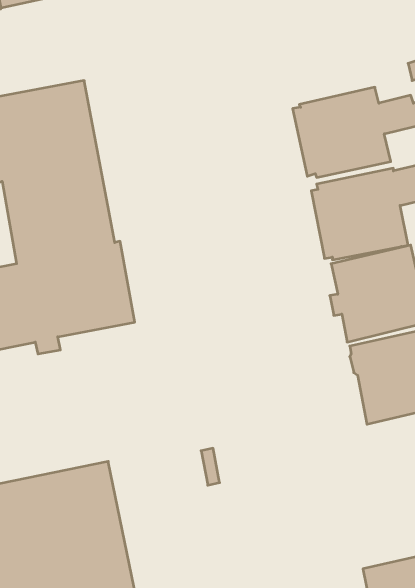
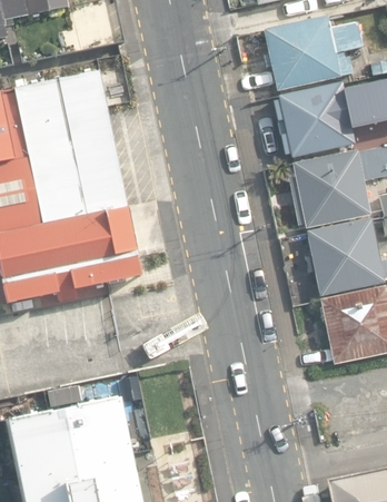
building: none -> [265,13,364,89]

